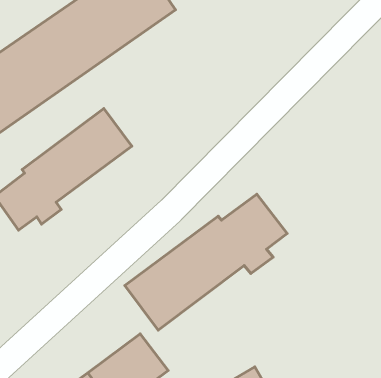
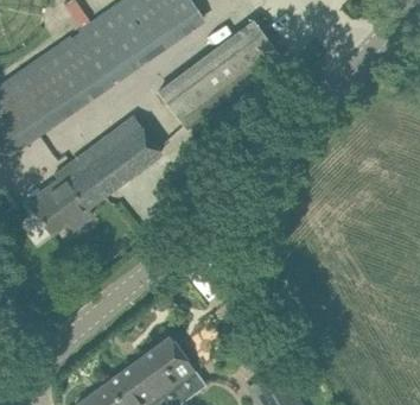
building: none -> [159,20,282,129]
building: [125,194,287,330] -> none

